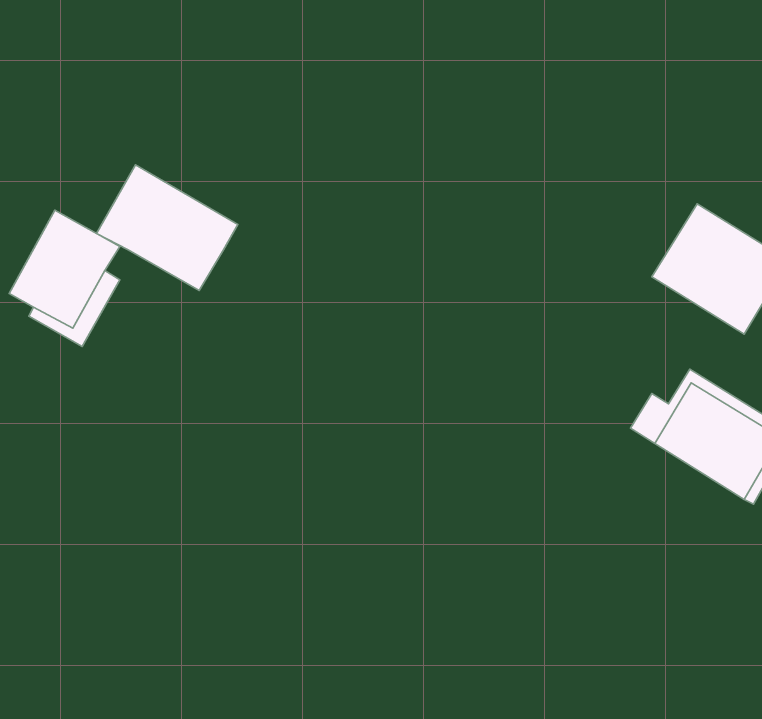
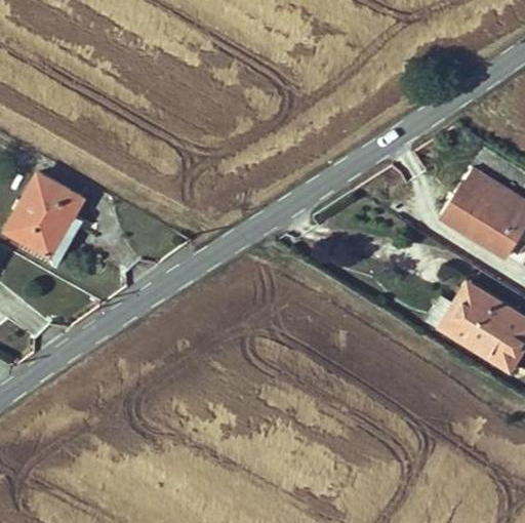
building: [96,165,238,291] -> none

